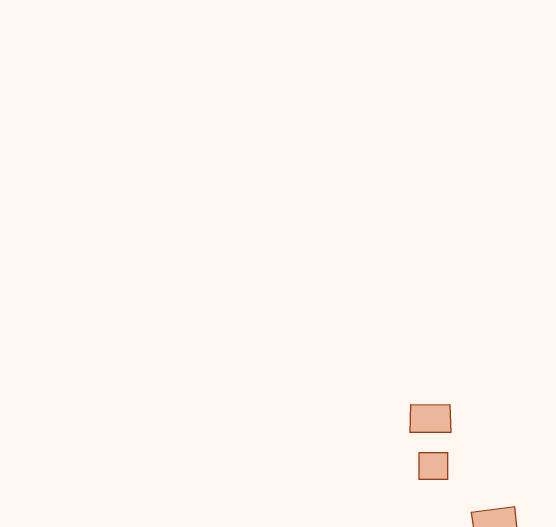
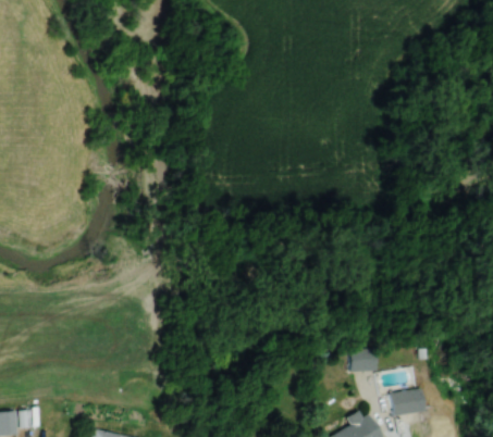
building: [410,405,451,433] -> none

